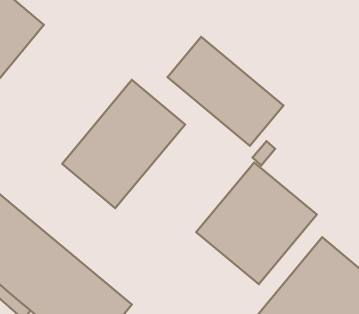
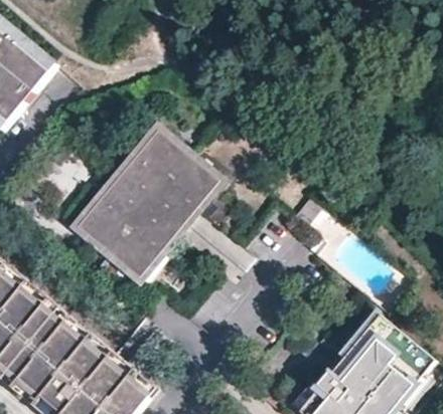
building: [167,37,283,146] -> none
building: [196,162,317,284] -> none

